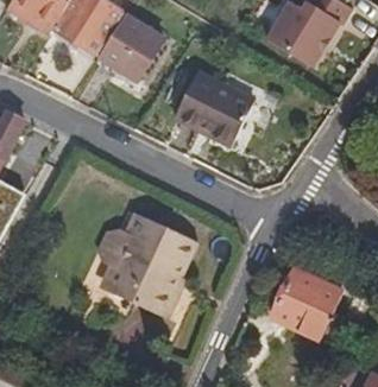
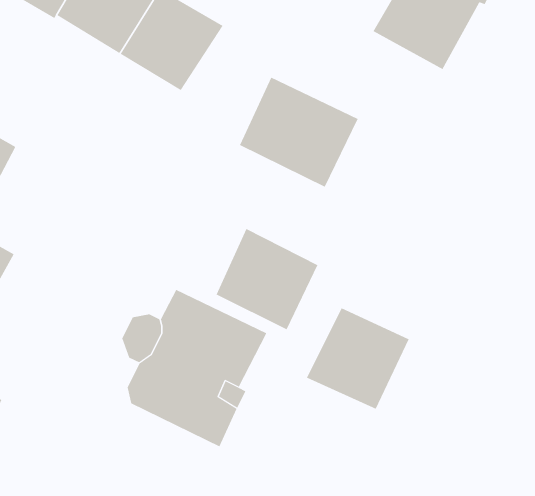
building: none -> [216,228,318,330]
building: [273,268,344,337] -> [306,308,410,409]

